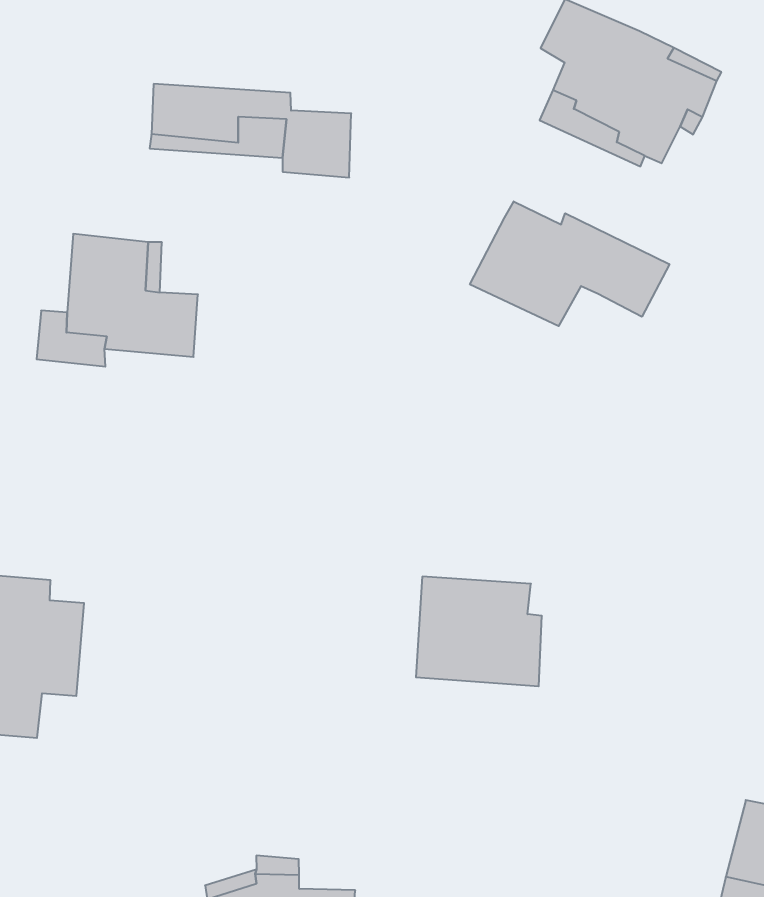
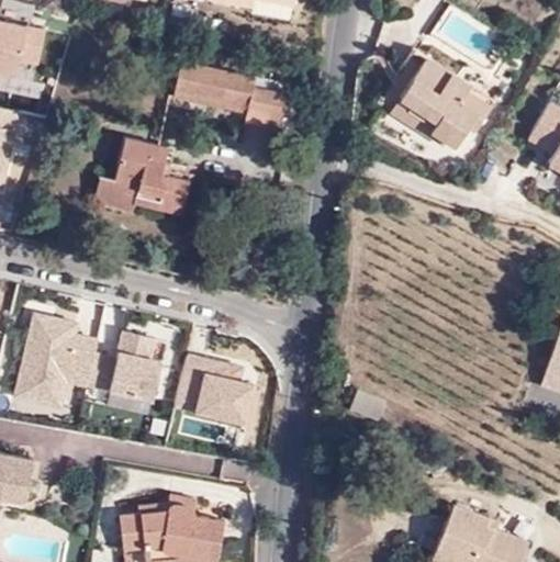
building: [470,201,669,326] -> none
building: [416,577,542,686] -> [175,355,249,425]
building: none -> [109,335,163,407]

